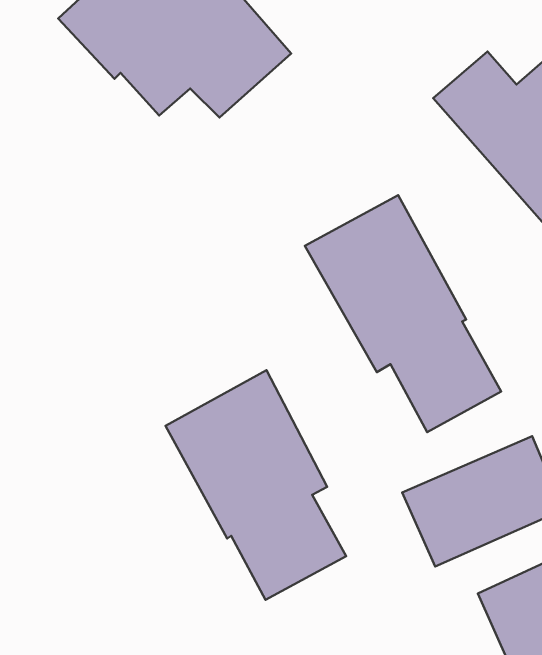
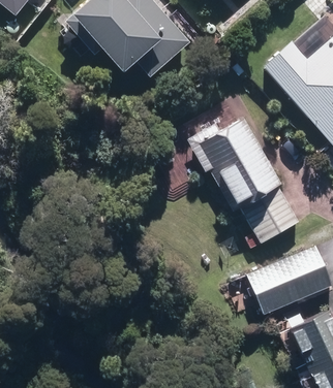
building: [165,370,346,600] -> none

